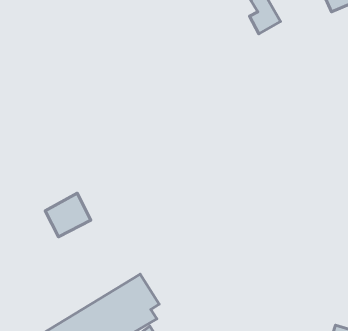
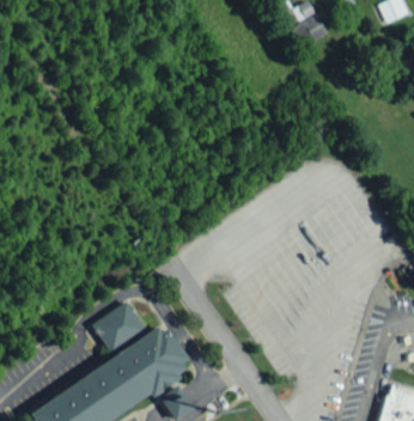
building: [45,193,91,237] -> [93,301,146,352]

